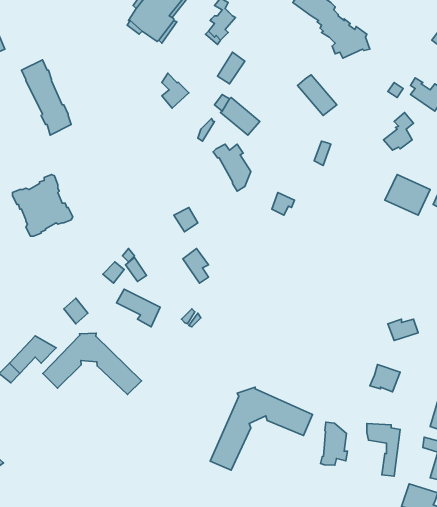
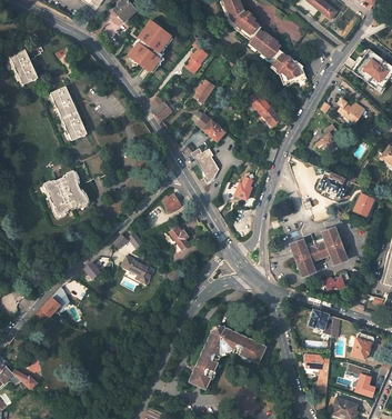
building: none -> [291,227,346,276]
building: [43,333,141,395] -> none
building: [321,422,347,465] -> none

